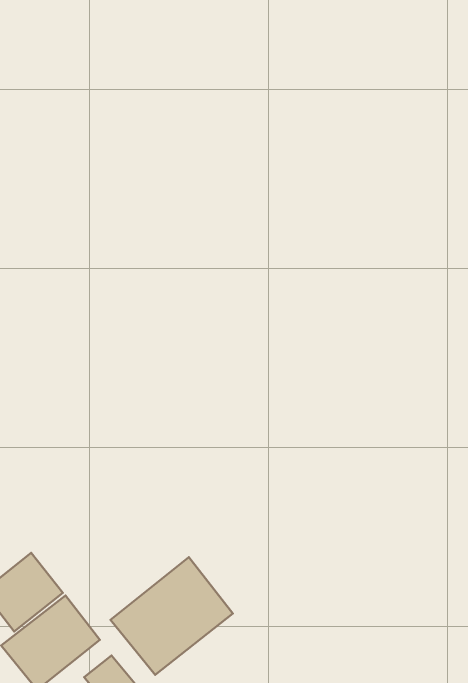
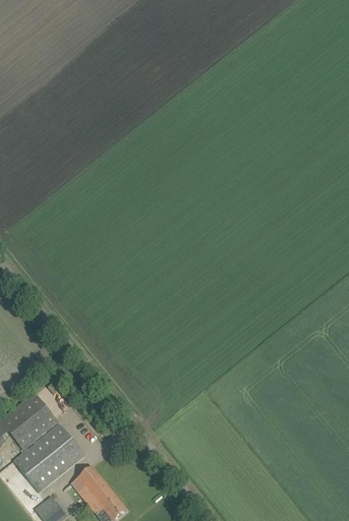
building: [111,557,233,675] -> none

